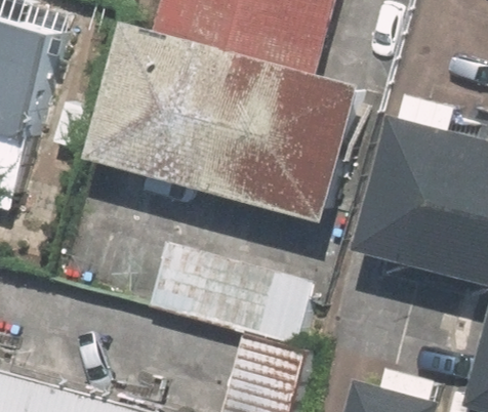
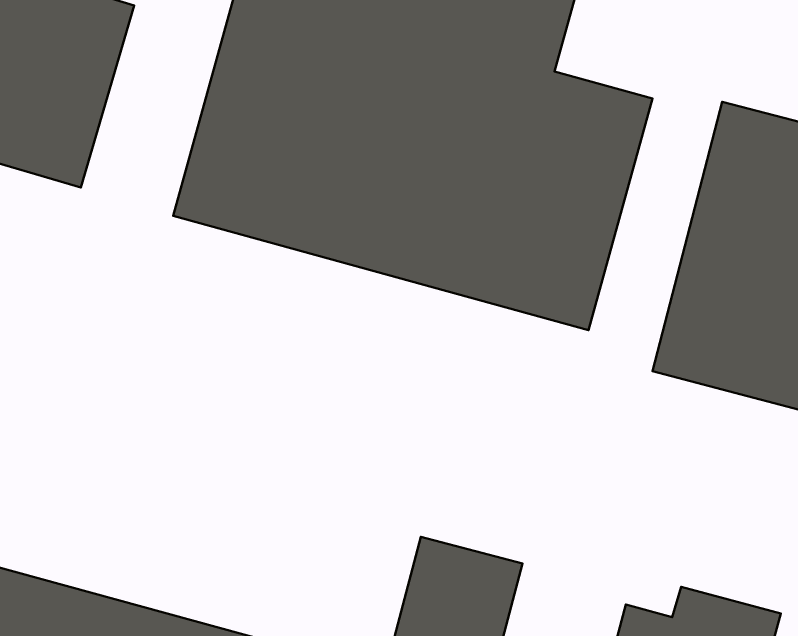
building: [147,249,323,360] -> none

